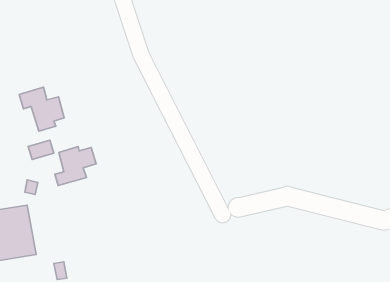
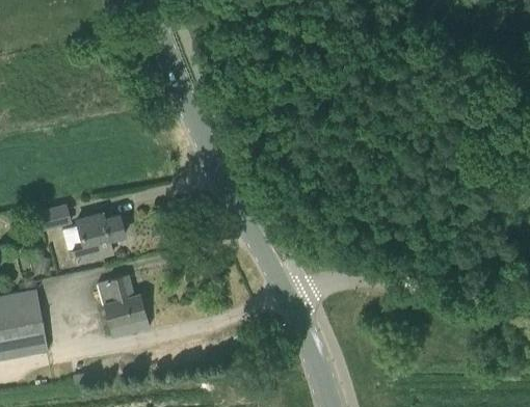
building: [19,87,64,131] -> none
building: none -> [97,275,149,337]

